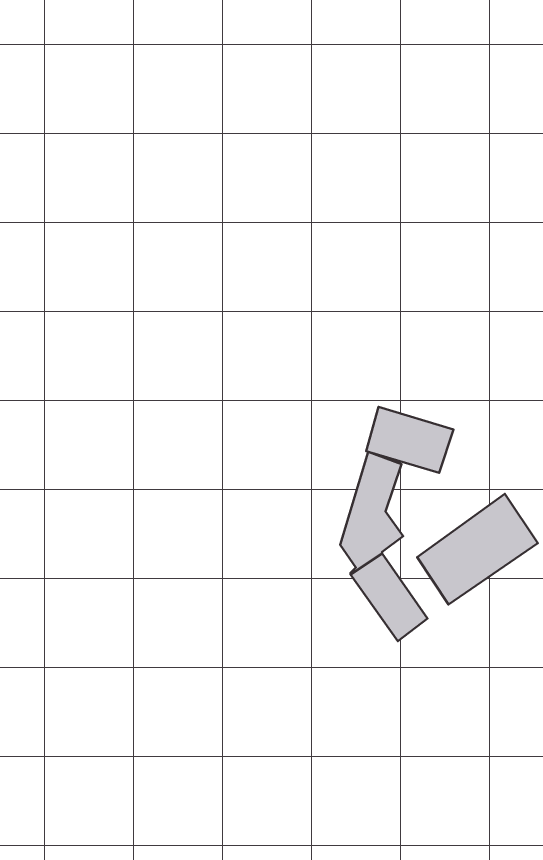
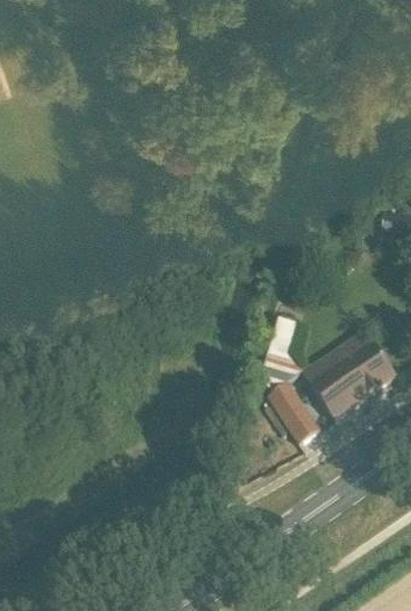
building: [366,407,453,473] -> none

